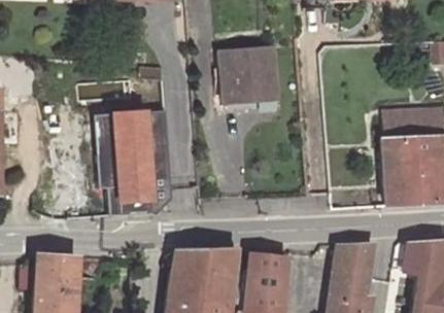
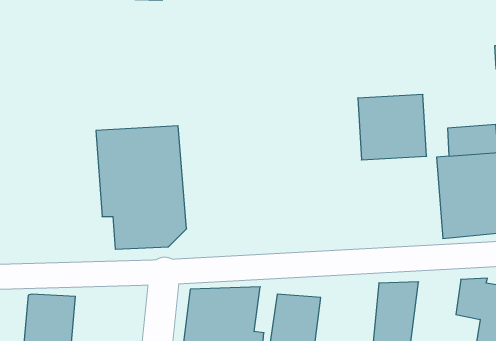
building: [219,46,278,102] -> [358,95,427,160]

